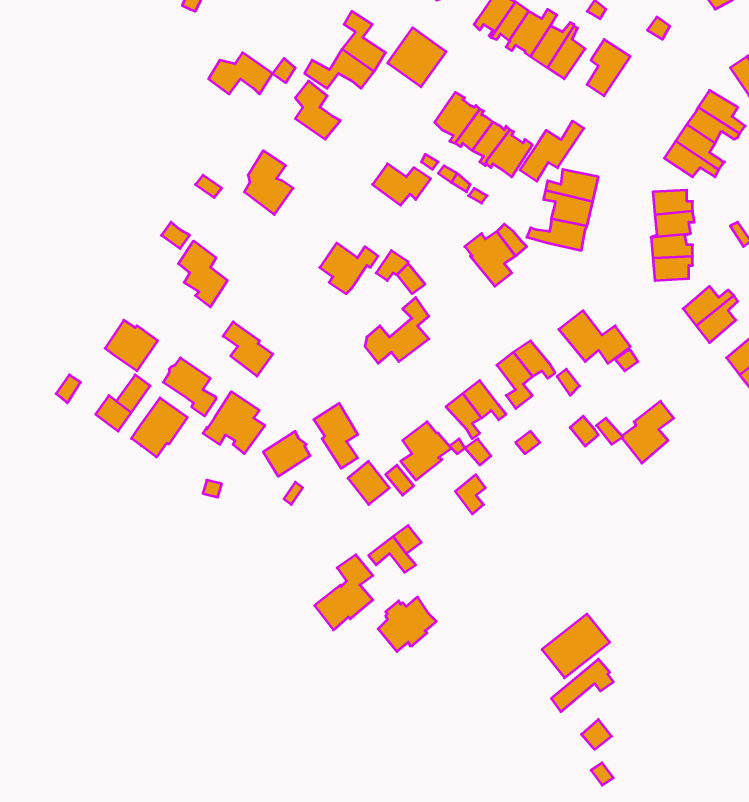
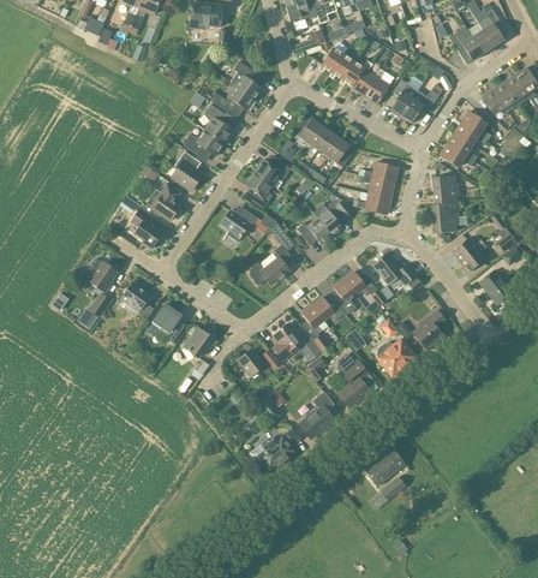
building: [388,28,446,87] -> none
building: [209,53,273,94] -> [183,130,223,156]
building: [520,121,584,181] -> [401,84,442,123]
building: none -> [244,172,273,208]
building: none -> [145,184,180,220]
building: none -> [297,218,331,245]
building: [223,322,273,376] -> none
building: [131,398,187,457] -> none
building: [314,403,358,468] -> none
building: none -> [377,339,416,376]
building: none -> [336,352,375,407]
building: [315,555,373,630] -> [298,392,335,440]

